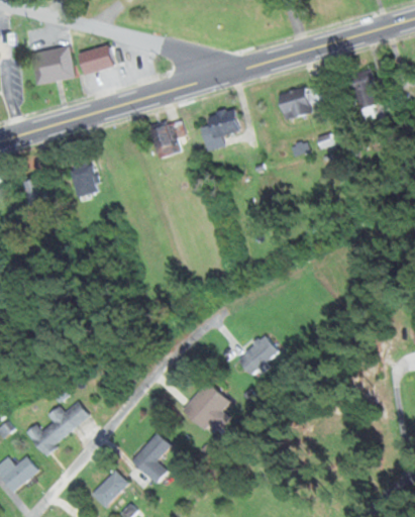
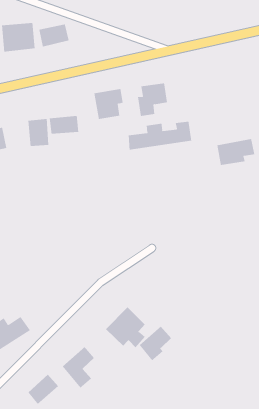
building: [278,84,325,119] -> [216,138,255,166]
building: none -> [128,121,192,150]
building: none -> [49,115,79,135]
building: [238,335,278,379] -> [139,326,172,361]

